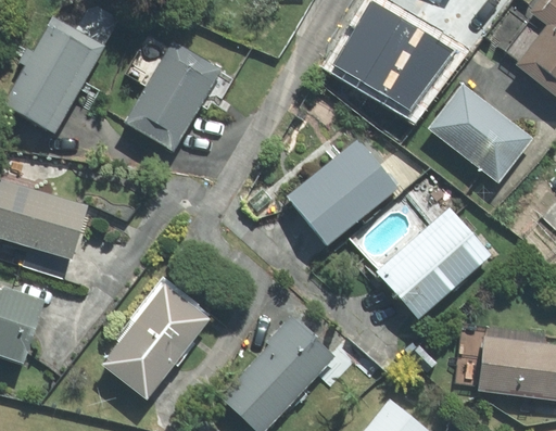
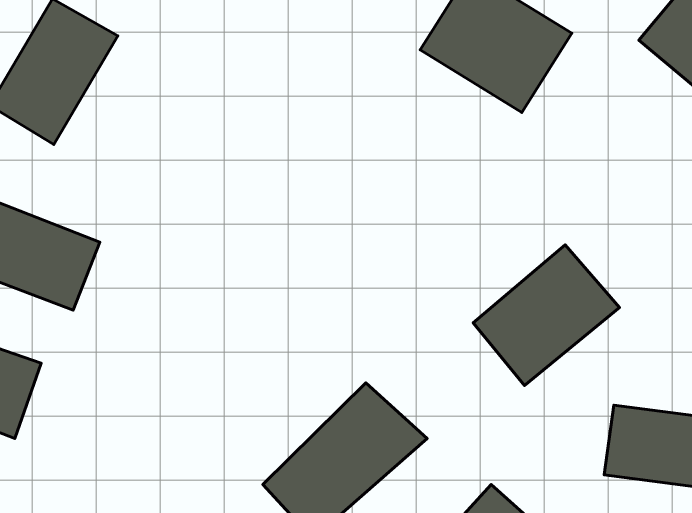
building: [123,39,220,147] -> none
building: [427,90,535,189] -> none
building: [285,138,396,244] -> none
building: [98,288,208,402] -> none

